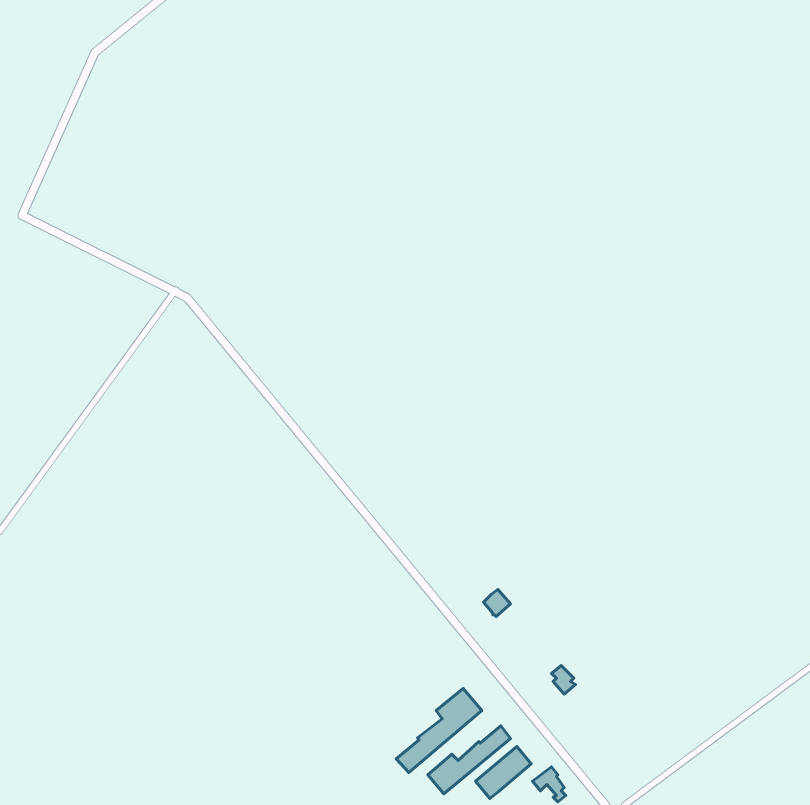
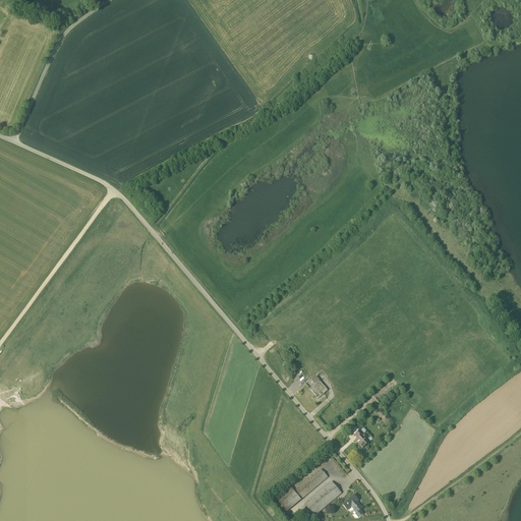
building: [396,688,482,773] -> none

